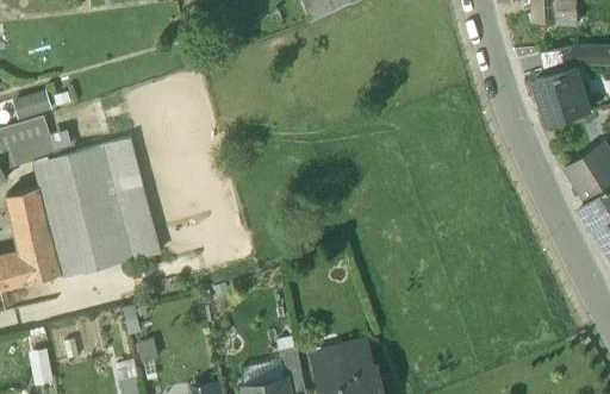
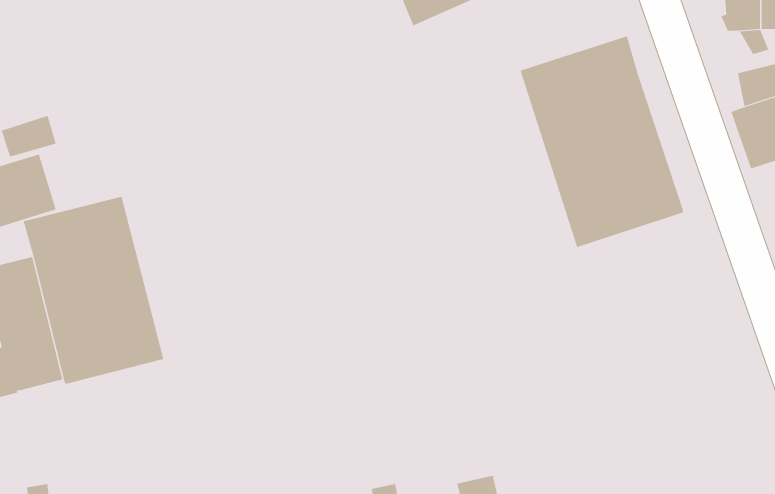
building: none -> [520,35,684,248]
building: [102,137,160,259] -> none

